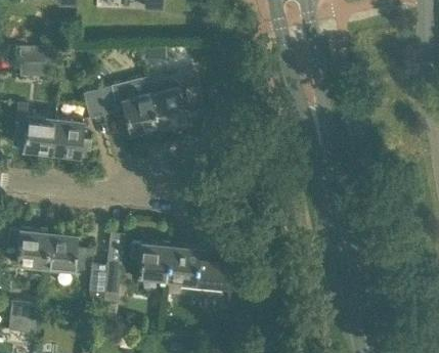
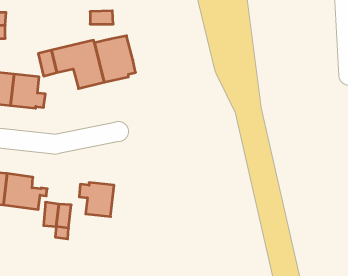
building: [166,245,245,304] -> none

